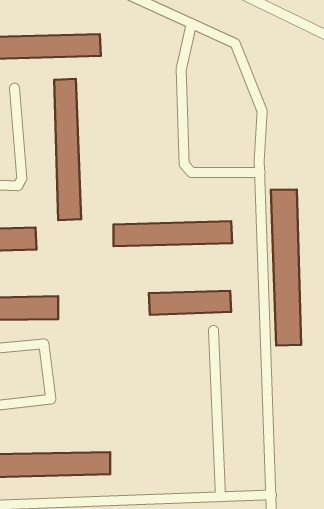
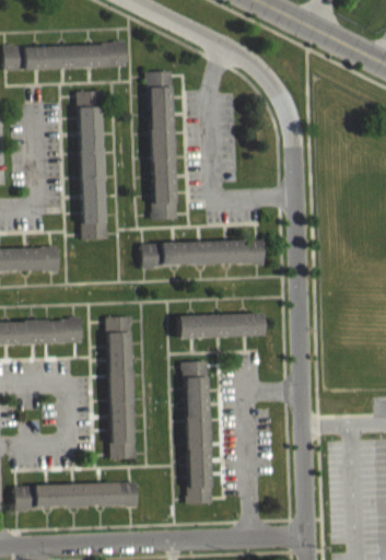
building: none -> [149,71,177,220]
building: [271,189,301,345] -> none
building: none -> [108,317,136,459]
building: none -> [185,362,212,504]

